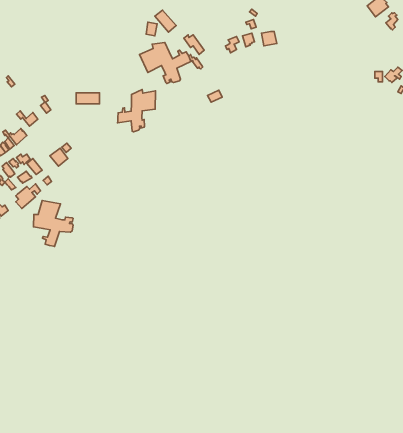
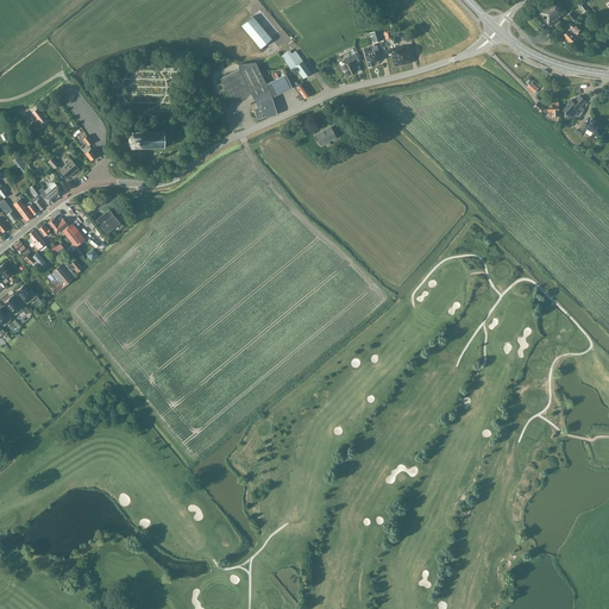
building: [117,89,156,132] -> none
building: [34,200,73,247] -> none

